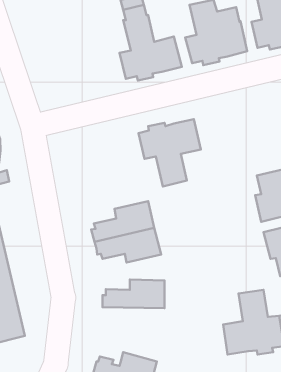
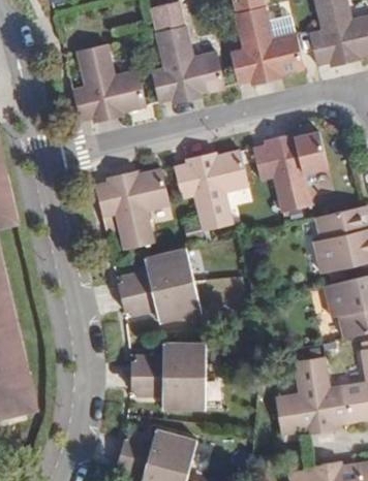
building: none -> [71,44,146,123]
building: none -> [252,132,327,213]
building: none -> [94,169,168,250]
building: none -> [130,376,205,410]

